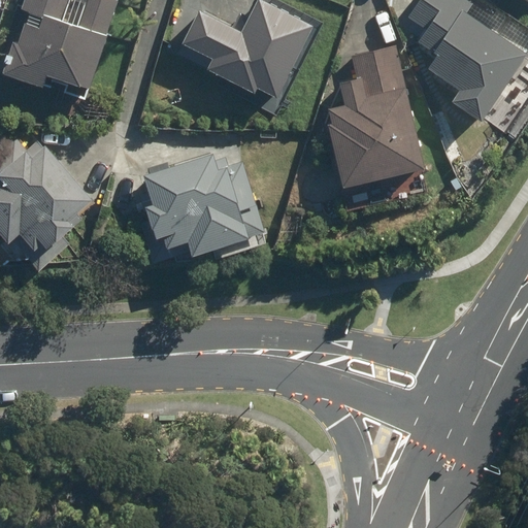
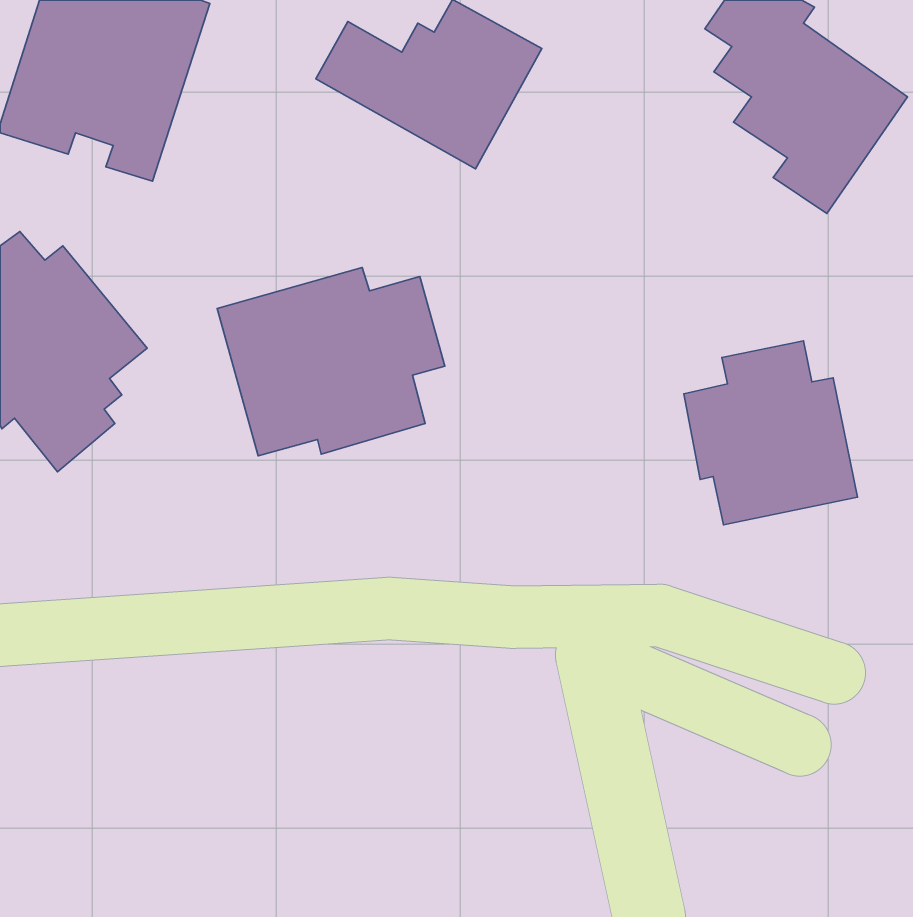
building: [321,44,425,188] -> none
building: none -> [684,341,857,525]

